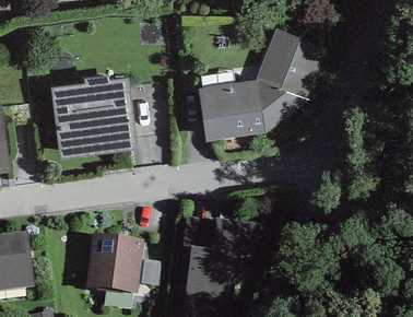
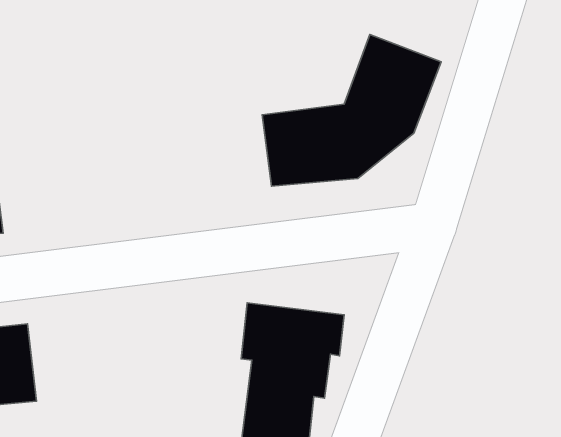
building: [50,73,135,154] -> none
building: [84,236,144,296] -> none

